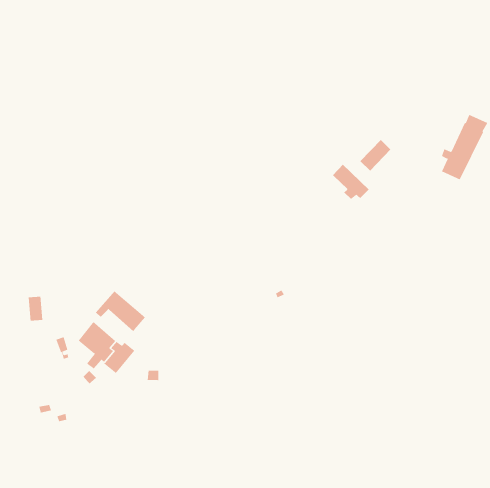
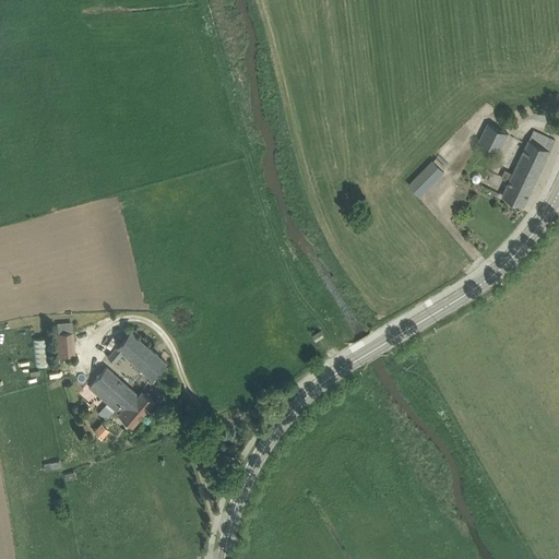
building: none -> [479,126,509,153]
building: [332,164,369,200] -> none
building: none -> [52,335,74,360]

